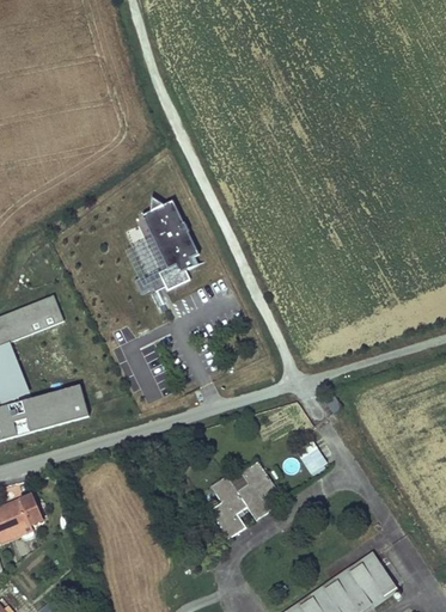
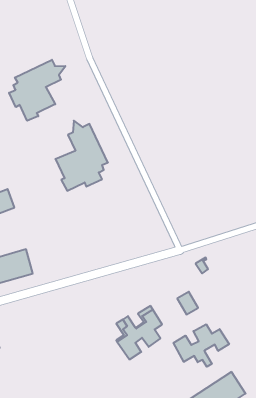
building: none -> [9,60,65,121]
building: none -> [174,324,229,367]

